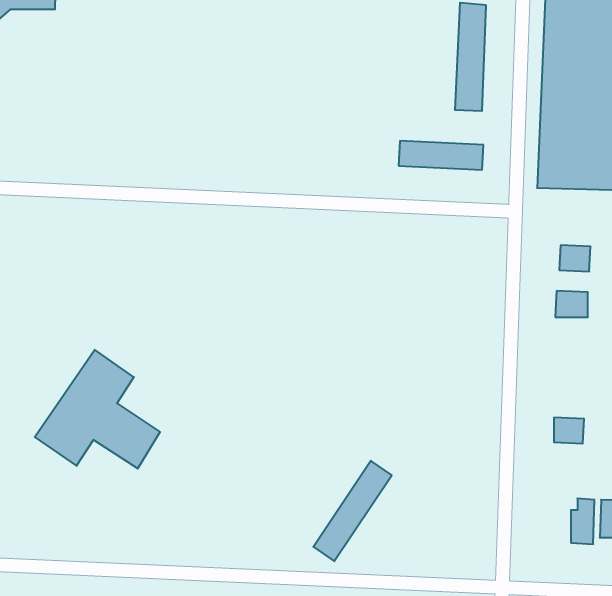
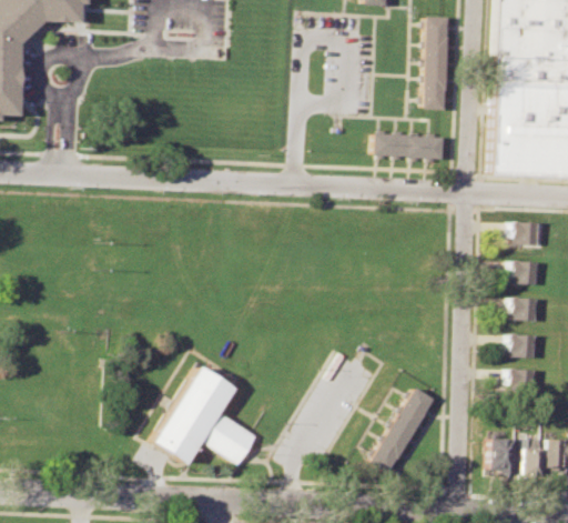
building: none -> [509,299,535,320]
building: [35,350,160,468] -> [150,365,256,466]
building: none -> [507,335,534,358]
building: [313,461,392,561] -> [368,388,435,473]
building: none -> [487,439,513,472]

